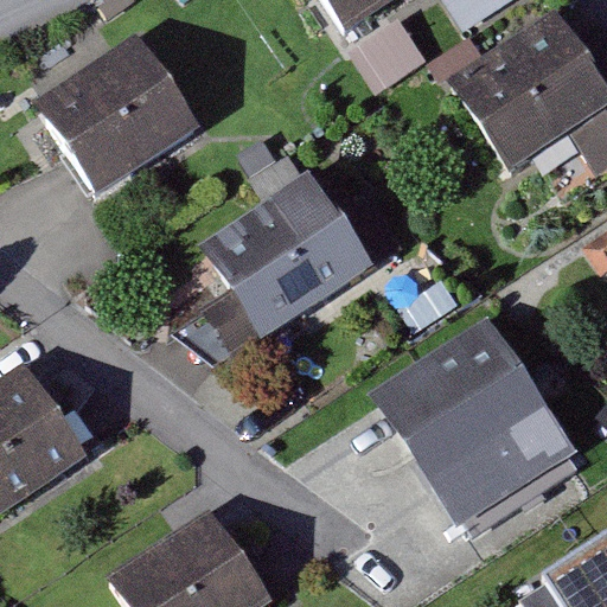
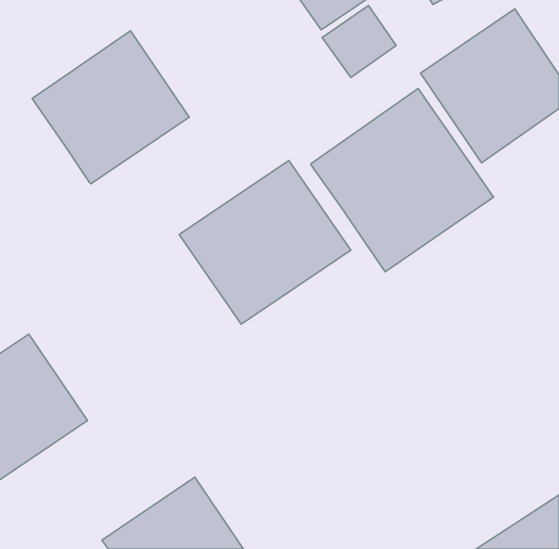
building: none -> [311,89,494,272]
building: [373,317,573,513] -> none

